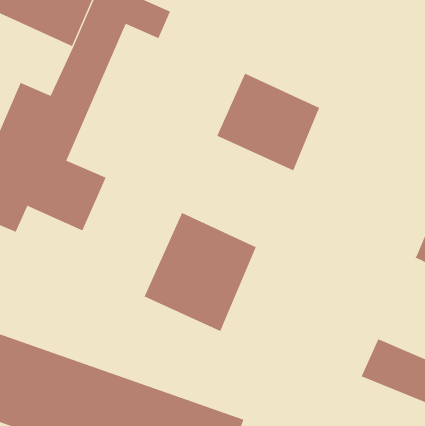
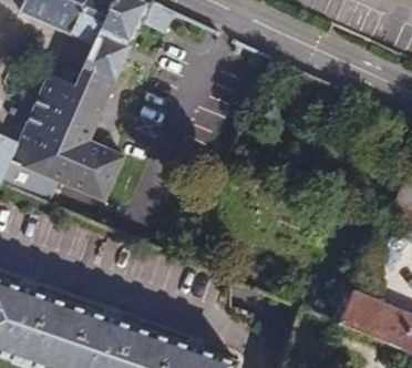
building: [216,73,320,171] -> none
building: [144,212,256,332] -> none

